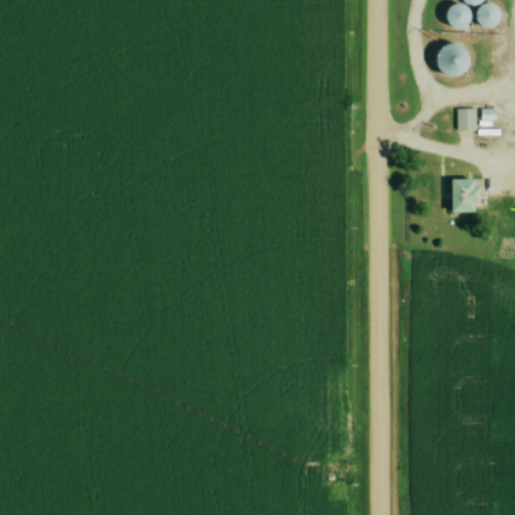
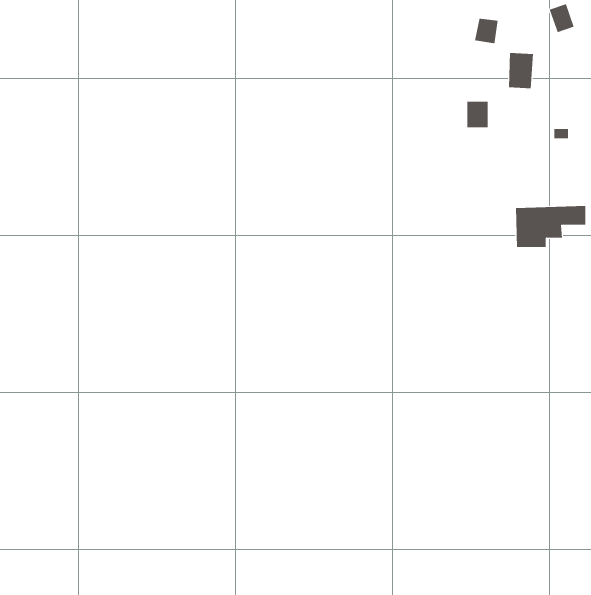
building: [449,6,470,28] -> [474,18,499,44]
building: [458,109,477,132] -> [466,101,489,128]

